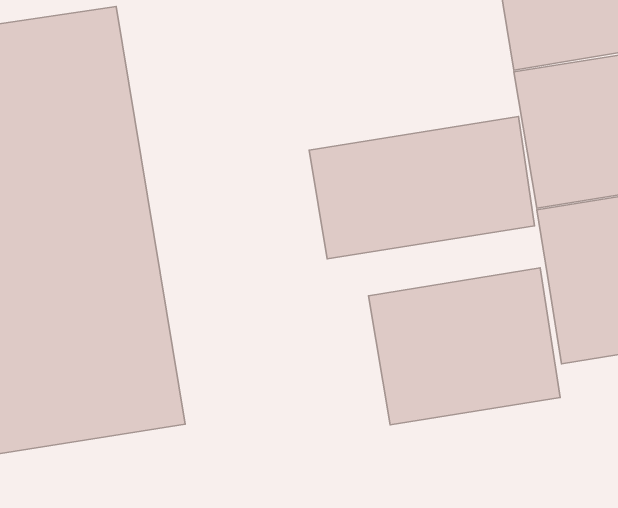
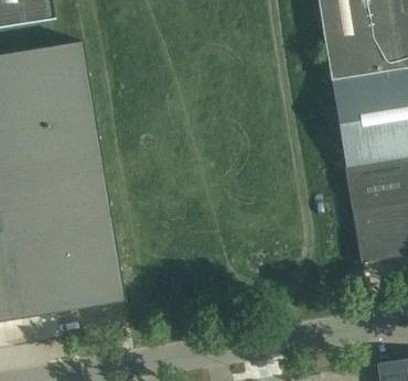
building: [309,117,534,259] -> none
building: [369,268,560,425] -> none

